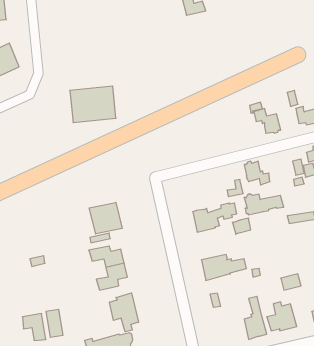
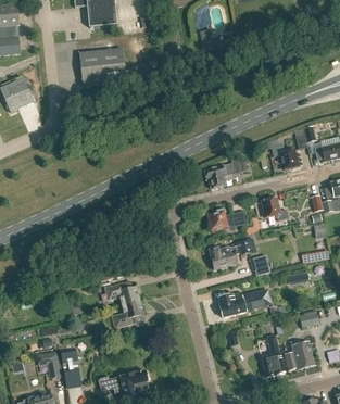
building: [70,86,116,123] -> [79,48,126,85]
building: none -> [204,156,248,188]
building: [244,194,284,215] -> [207,210,248,230]
building: [89,202,122,234] -> none
building: [110,293,139,332] -> none

